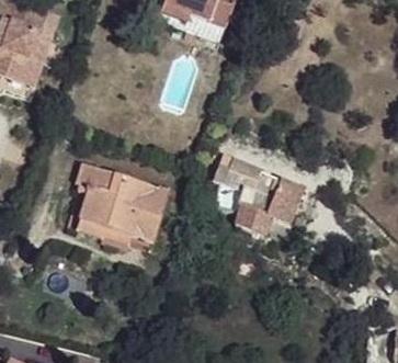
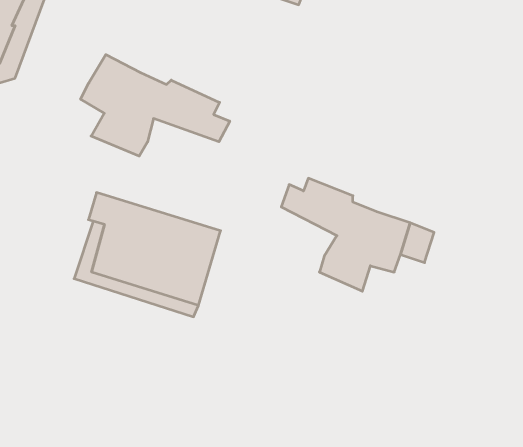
building: none -> [81,55,230,156]

